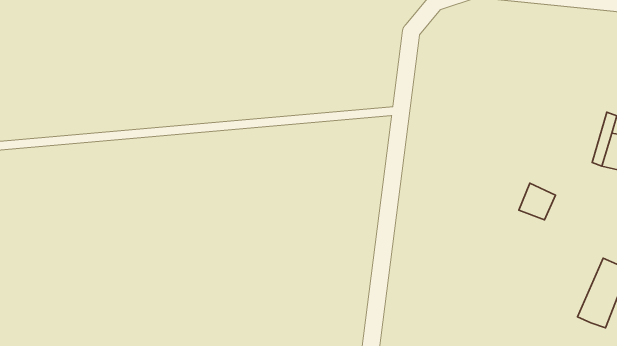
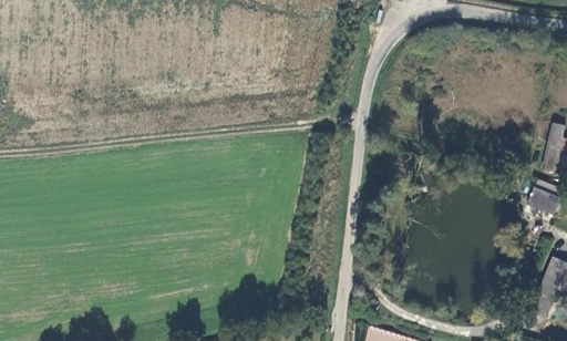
building: [519,183,555,220] -> [527,178,560,211]

